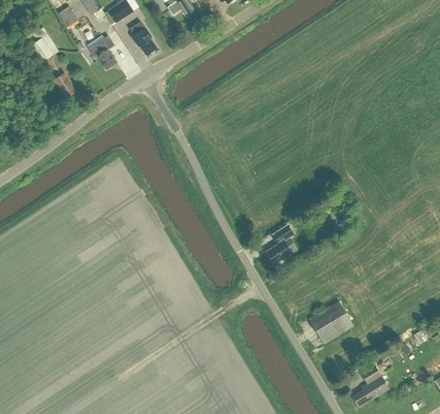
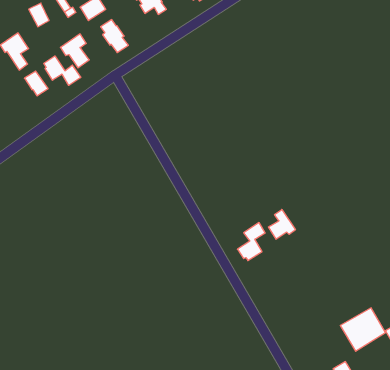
building: none -> [44,56,81,85]
building: none -> [268,209,295,239]
building: [308,300,353,344] -> [340,308,385,351]

